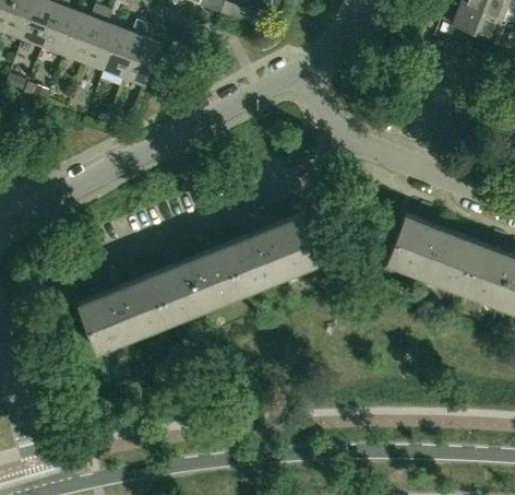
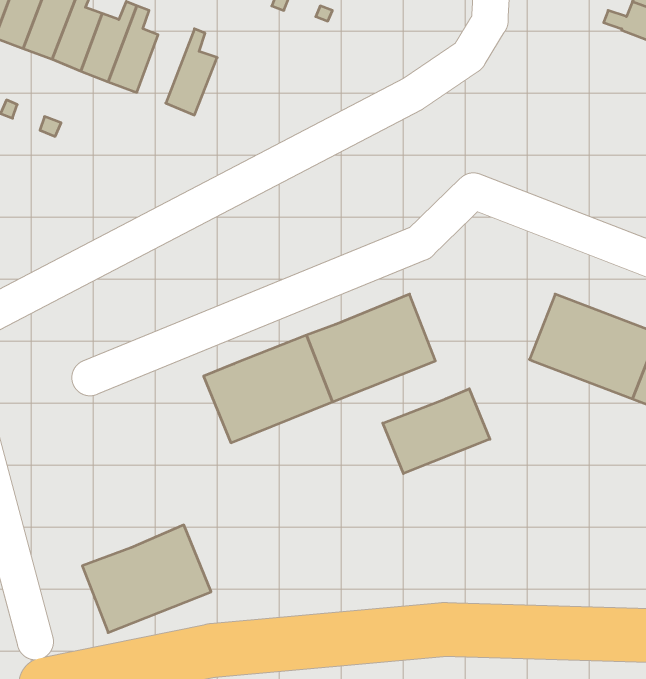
building: [105,21,146,78] -> none
building: [80,274,172,352] -> [82,525,211,633]
building: none -> [383,389,490,474]

